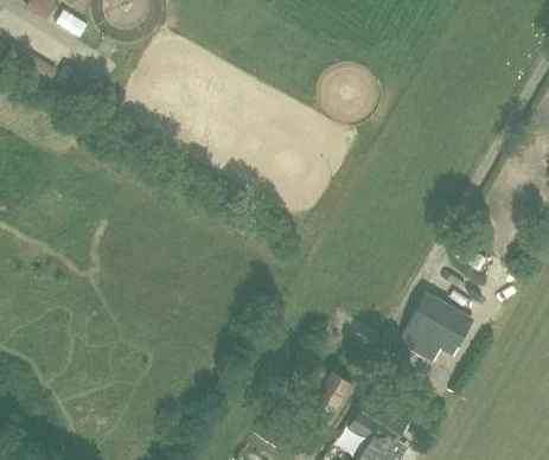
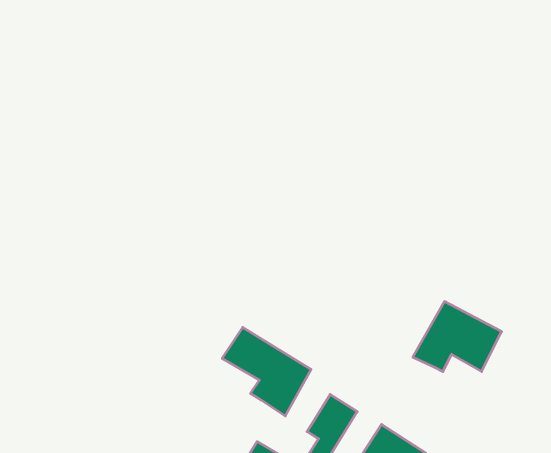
building: none -> [222,327,311,416]

